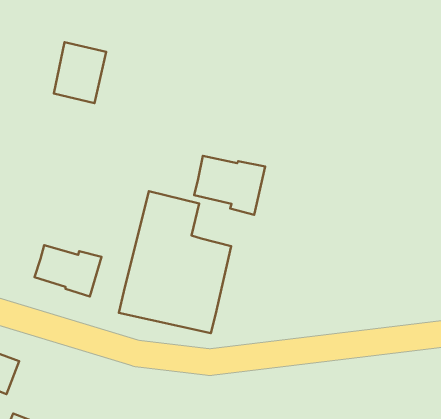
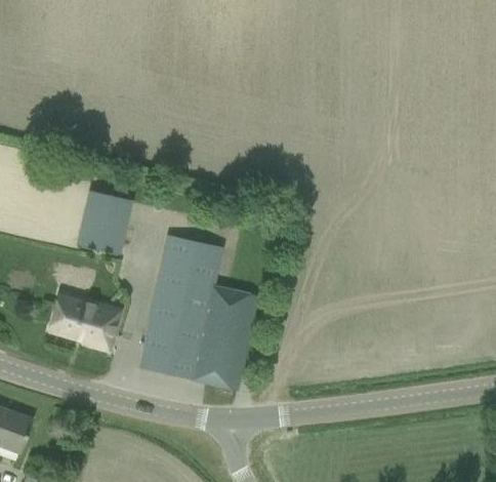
building: [54,42,106,103] -> [76,189,131,253]
building: [194,156,265,215] -> none

